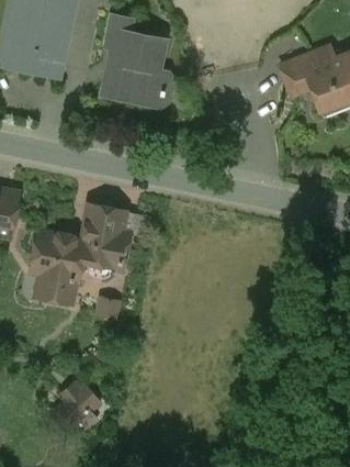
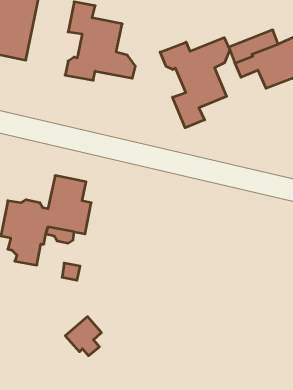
building: none -> [160,38,230,128]
building: [59,385,99,427] -> [65,317,101,356]

